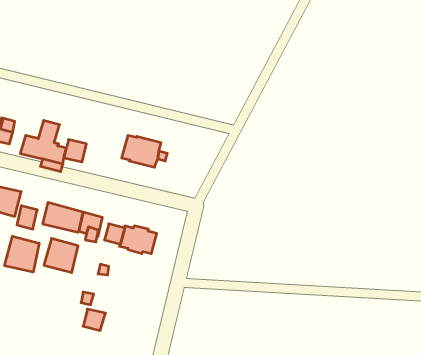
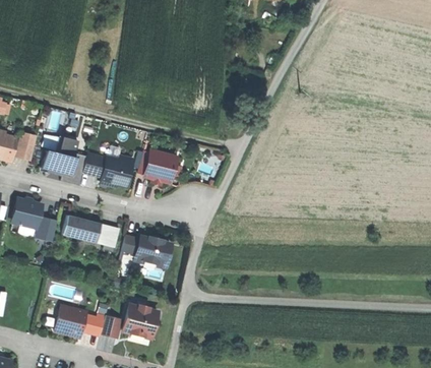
building: none -> [102,156,131,185]
building: [5,236,39,272] -> none
building: [44,238,78,273] -> [54,305,86,338]
building: none -> [122,304,158,338]

